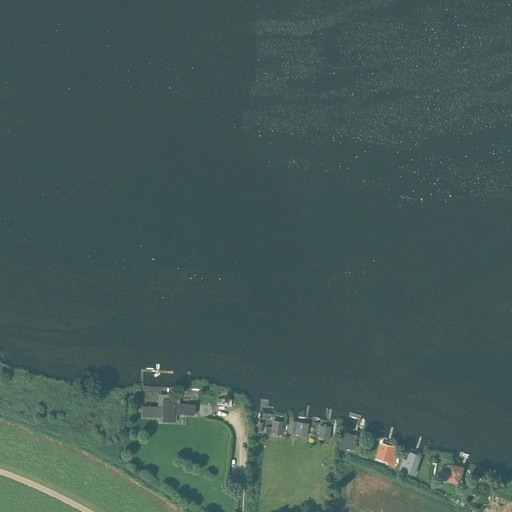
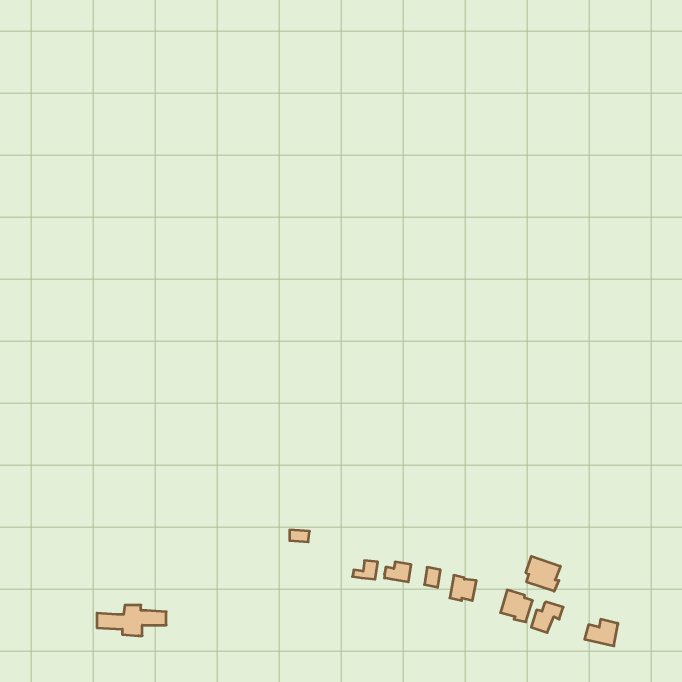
building: [142,399,194,422] -> [97,605,166,636]
building: none -> [526,556,560,591]

